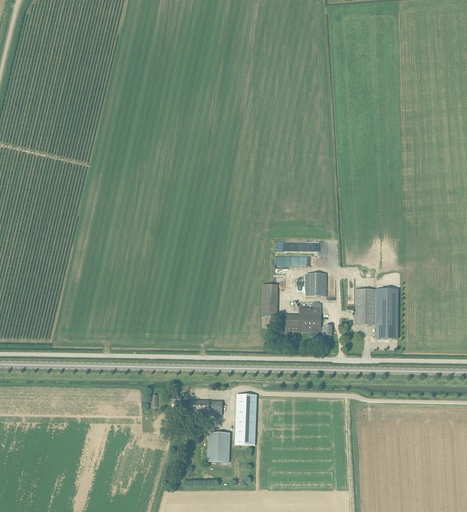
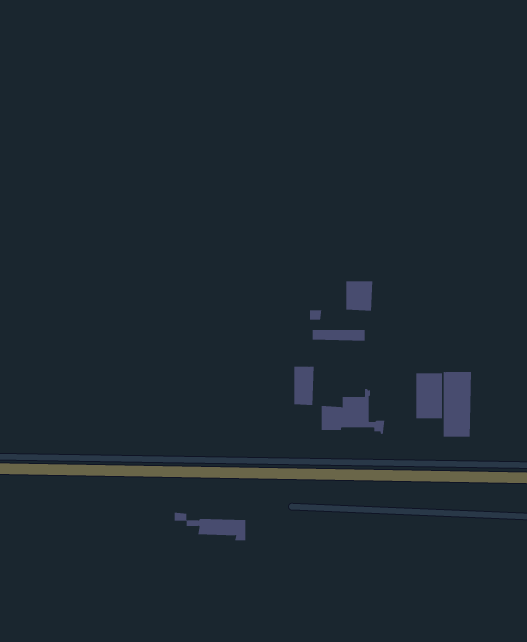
building: [305,273,326,296] -> [346,281,373,311]
building: [234,394,256,444] -> none
building: [207,432,229,462] -> none

